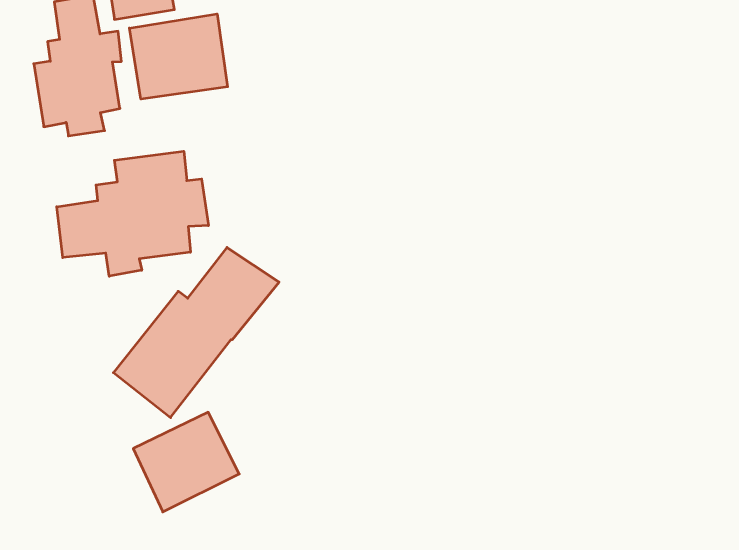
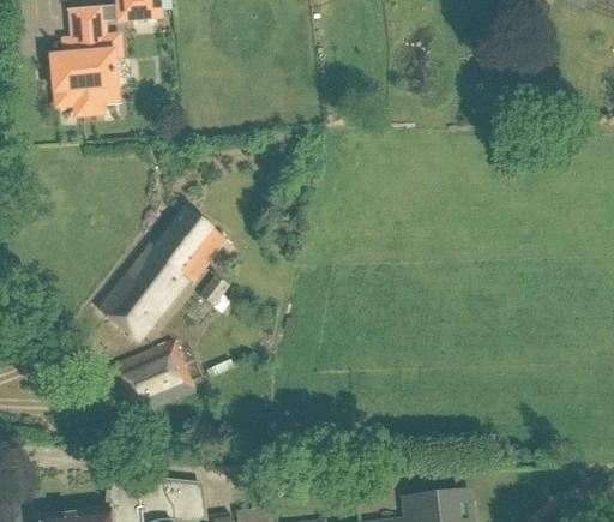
building: [129,14,228,99] -> none
building: [57,151,208,276] -> none

